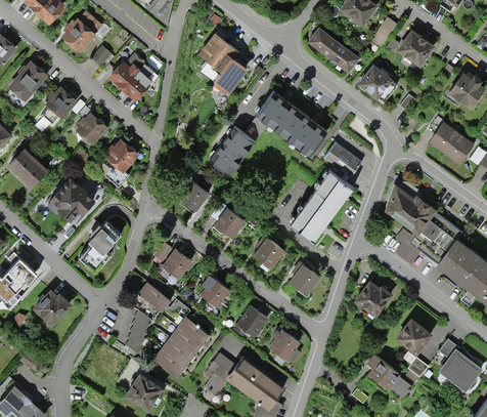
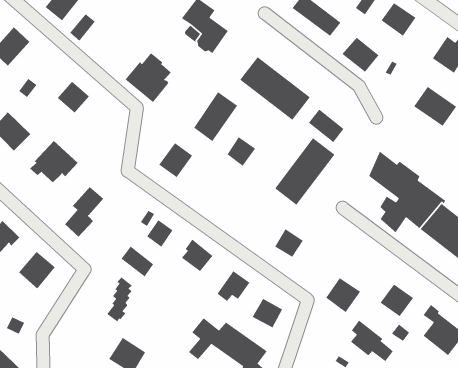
building: [107,54,154,106] -> [124,52,171,103]
building: [45,87,77,120] -> none
building: [103,142,138,177] -> none
building: [215,208,245,239] -> [226,136,256,167]
building: [255,238,284,267] -> none
building: [355,281,391,317] -> [325,277,361,313]
building: [153,317,210,377] -> none

